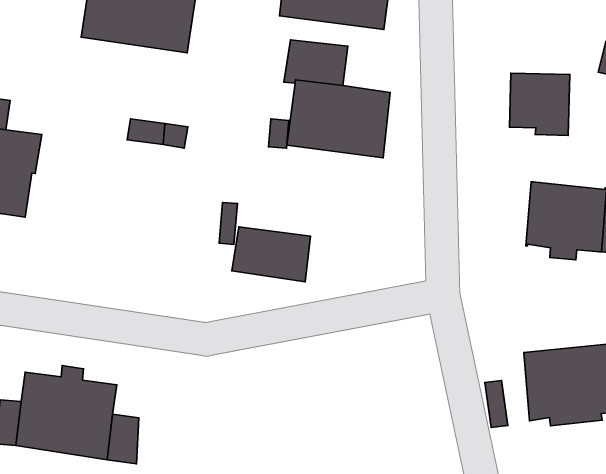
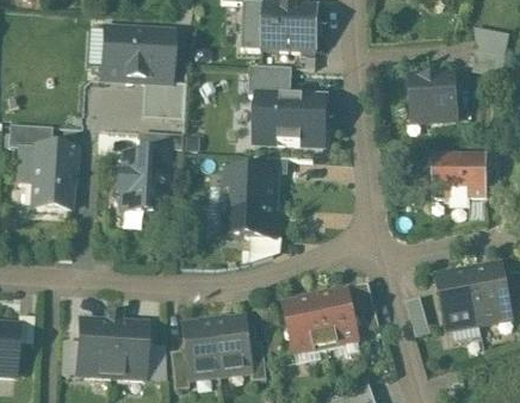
building: none -> [116,154,165,212]
building: none -> [223,172,277,205]
building: none -> [284,290,359,353]
building: none -> [180,317,250,376]

